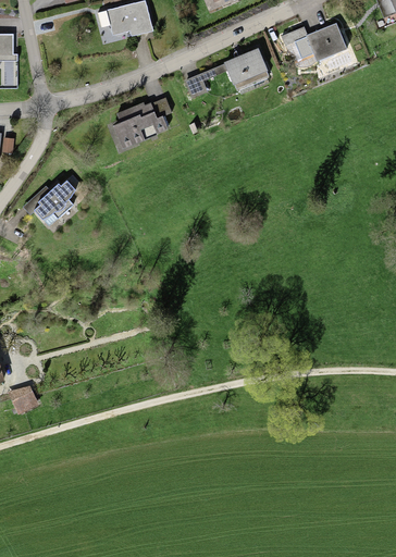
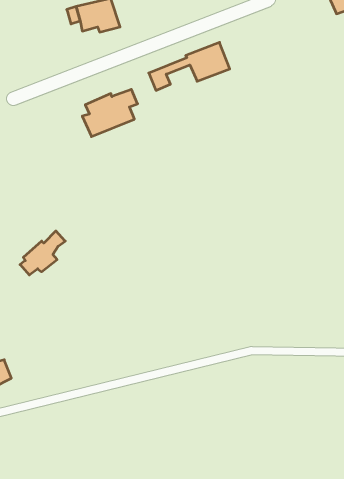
building: [280,23,346,61] -> none
building: [34,174,82,221] -> [20,231,65,275]

